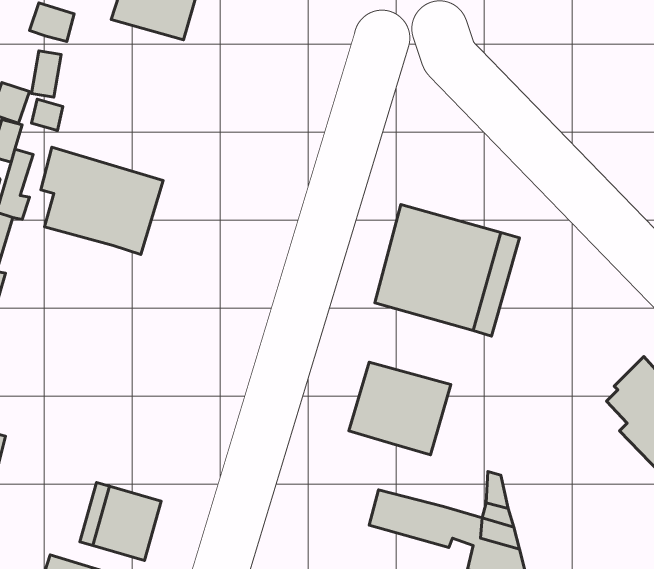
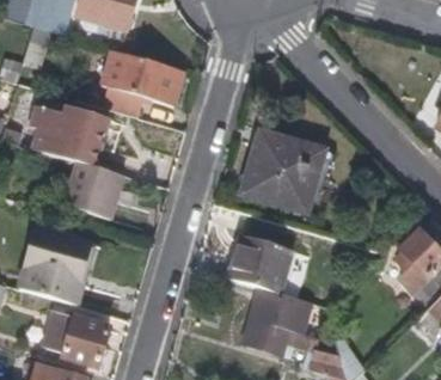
building: none -> [97,51,179,118]
building: none -> [63,160,123,220]
building: none -> [19,226,96,301]
building: none -> [247,288,296,329]

